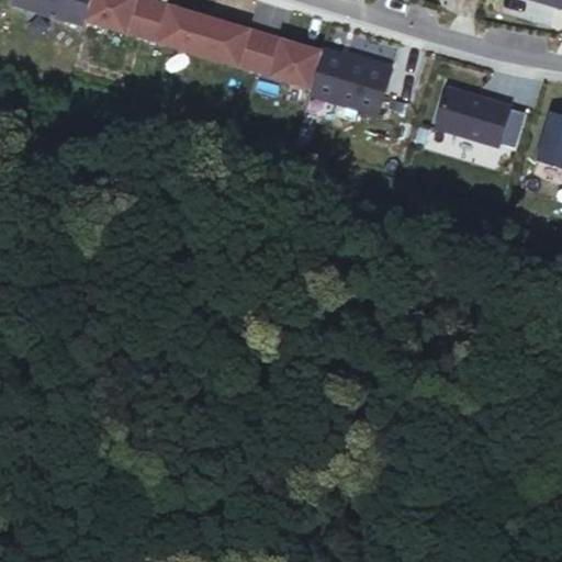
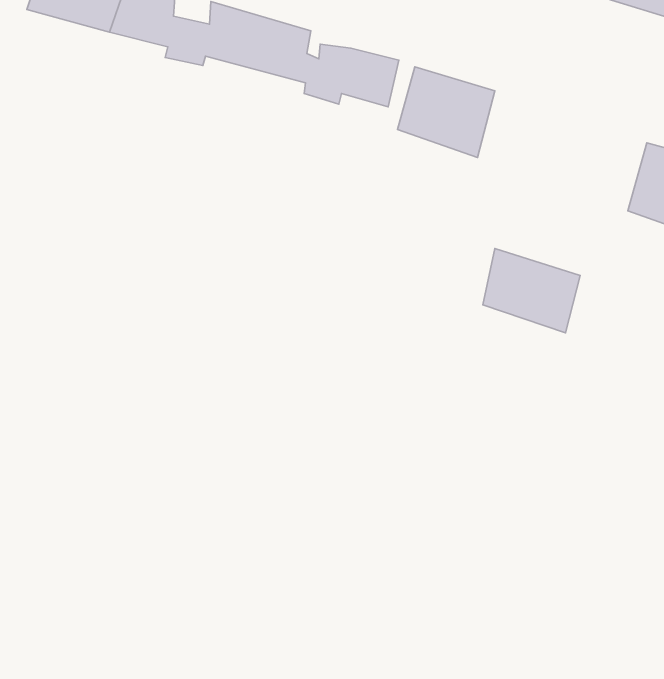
building: [435,85,515,154] -> [483,249,580,333]

